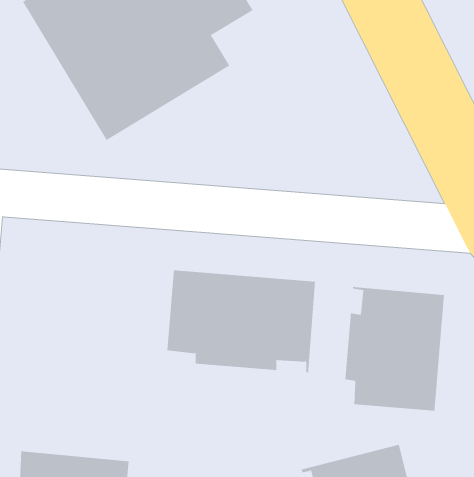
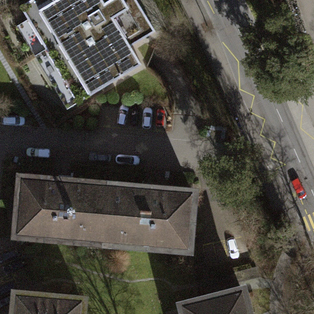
building: none -> [17,179,107,239]
building: [345,286,444,412] -> none

